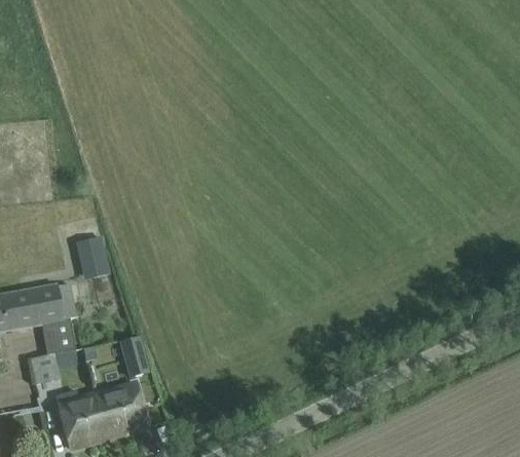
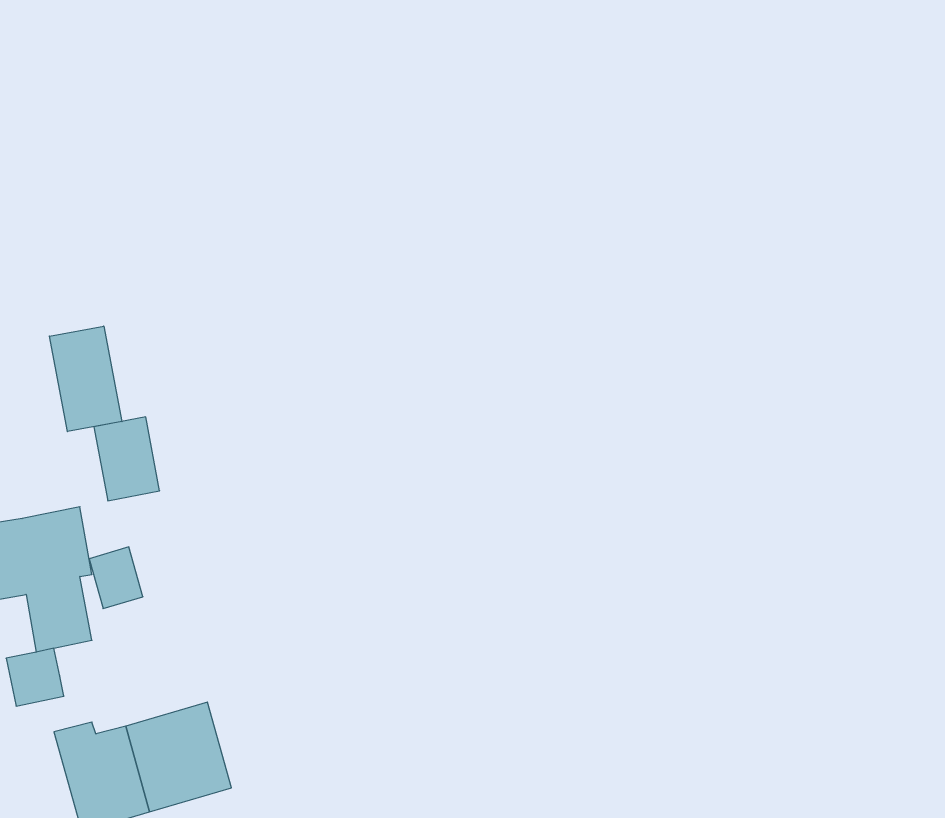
building: none -> [49,326,122,432]
building: [123,338,151,370] -> [89,547,143,609]

